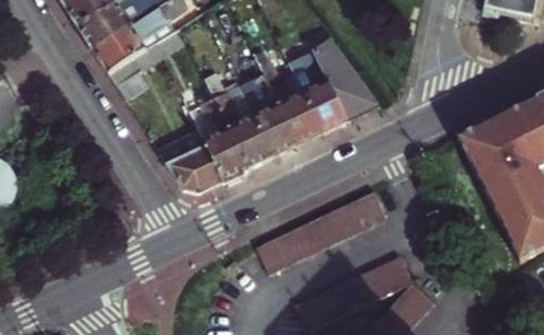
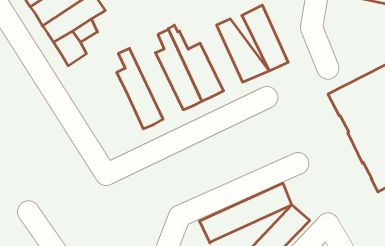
building: [290,51,349,135] -> [242,5,288,71]
building: [206,76,274,171] -> none
building: [159,131,223,195] -> none
building: [253,188,384,269] -> none

